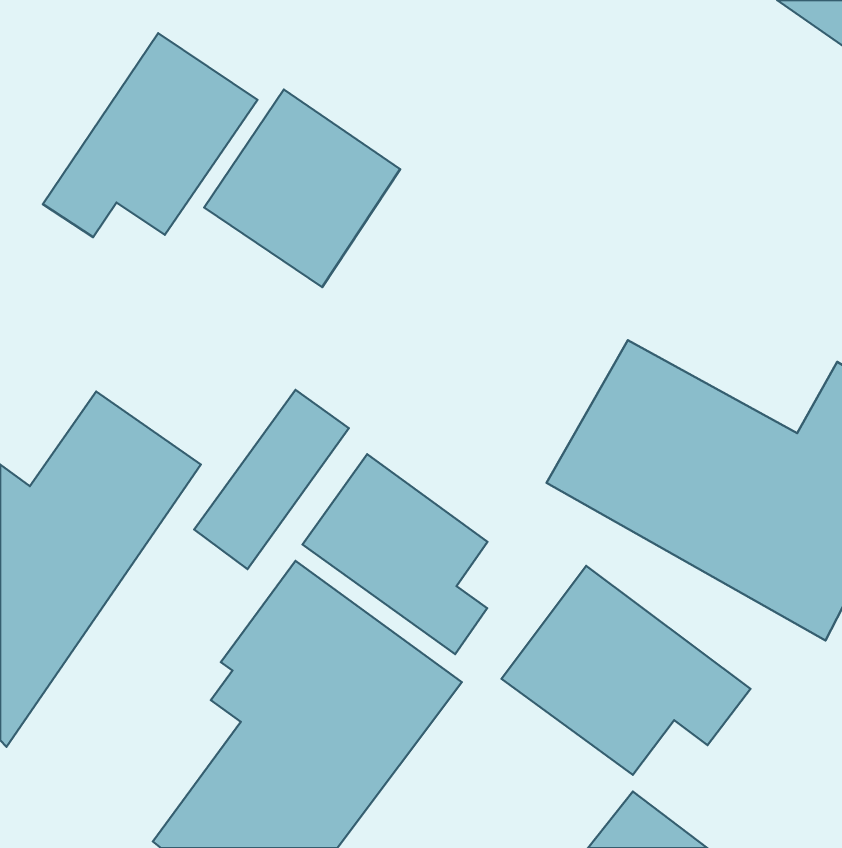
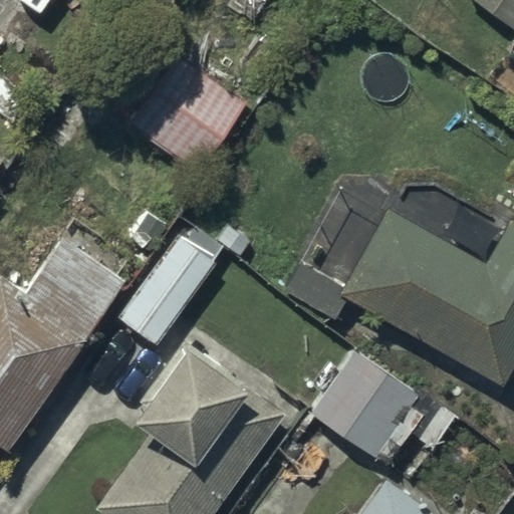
building: [43,33,257,237] -> none
building: [302,454,488,654] -> none

